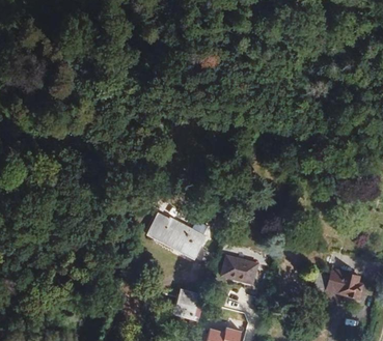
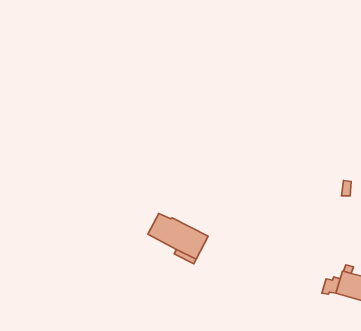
building: [221,253,257,282] -> none
building: [175,288,198,315] -> none

